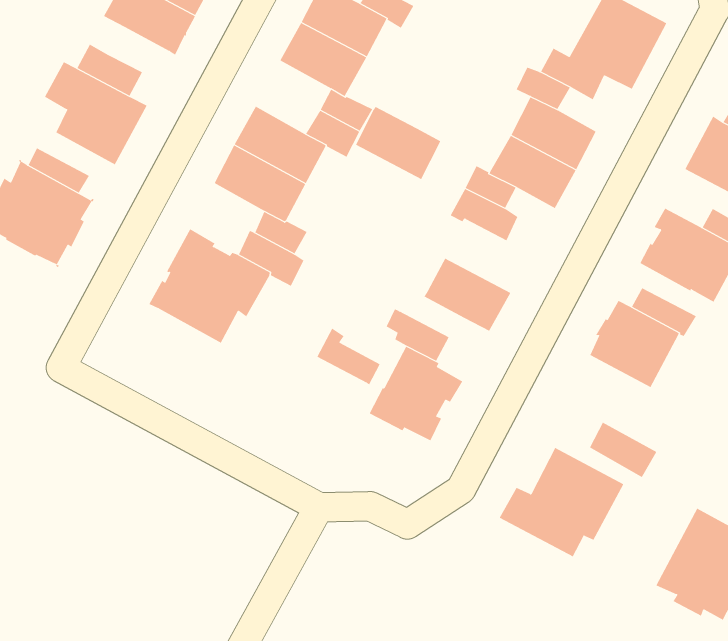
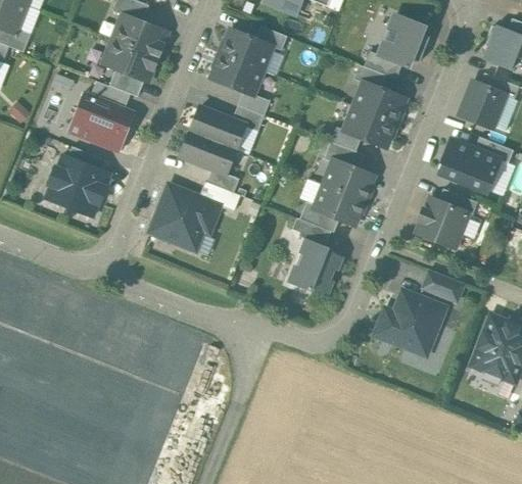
building: none -> [108,69,144,98]
building: [355,106,441,180] -> [323,160,374,201]
building: [316,328,381,385] -> [299,201,338,233]

